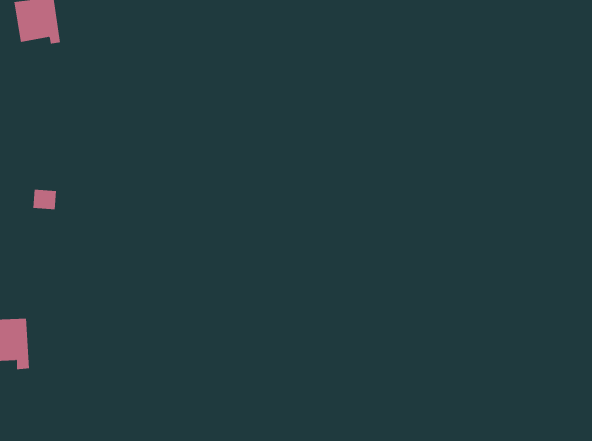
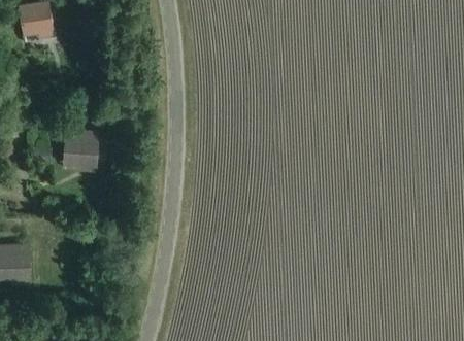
building: none -> [64,132,99,173]

